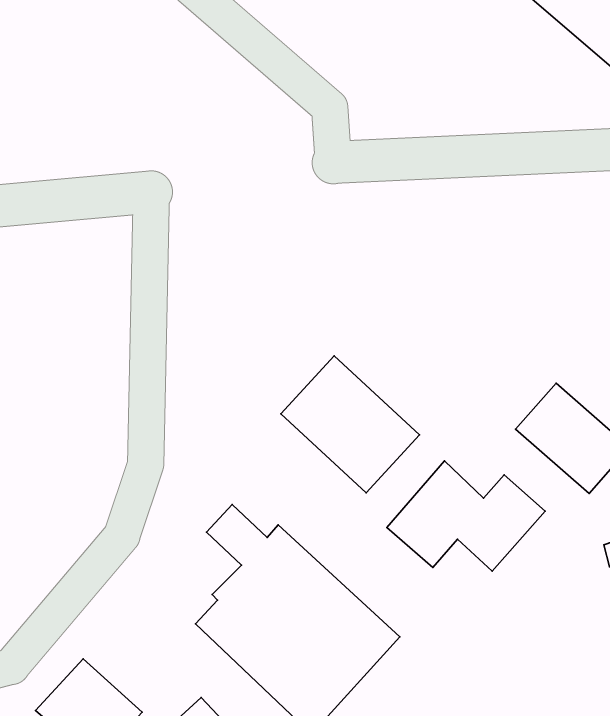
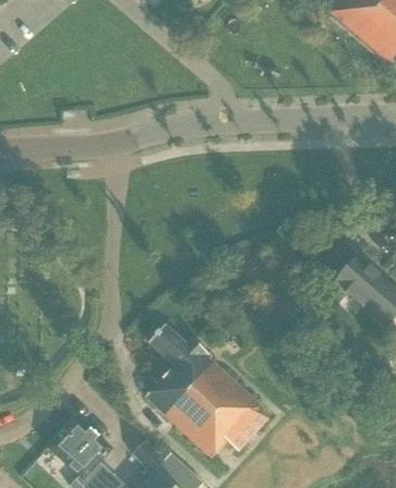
building: [281,356,420,493] -> none
building: [387,461,545,571] -> none

